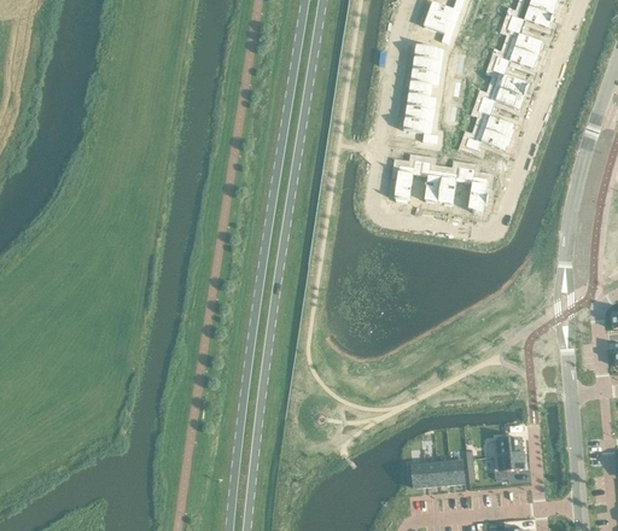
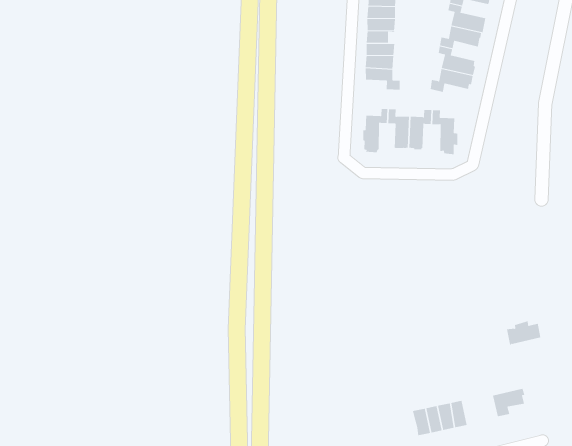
building: [489,434,523,457] -> [506,321,541,346]

